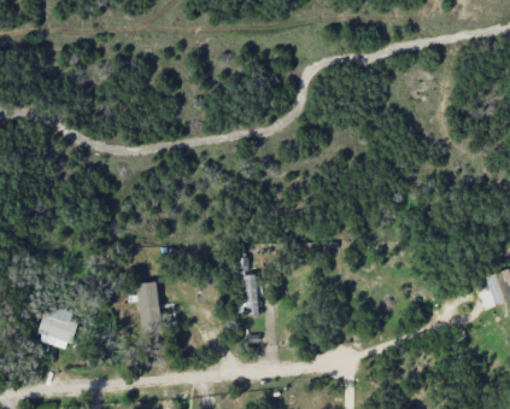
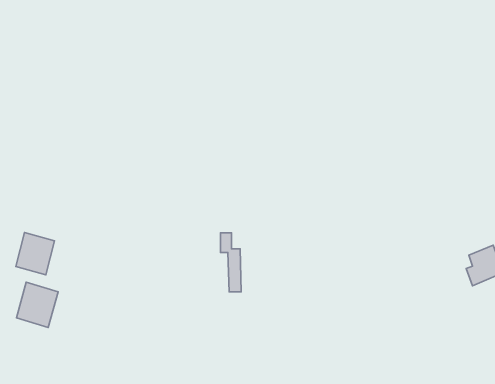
building: none -> [16,233,54,275]
building: [135,281,162,325] -> none

